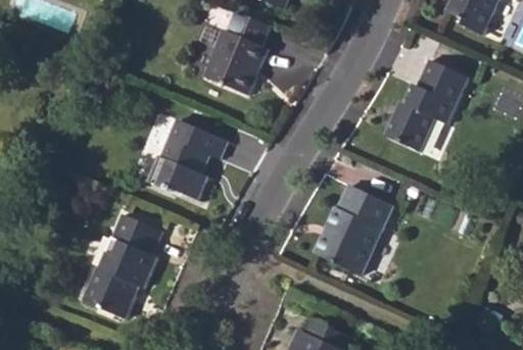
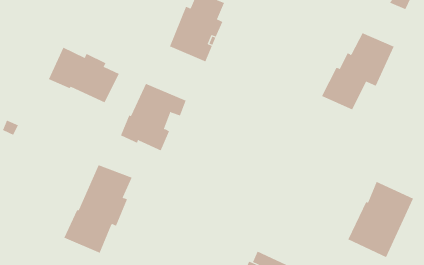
building: none -> [48,47,119,103]
building: [315,185,392,274] -> [347,181,414,258]

